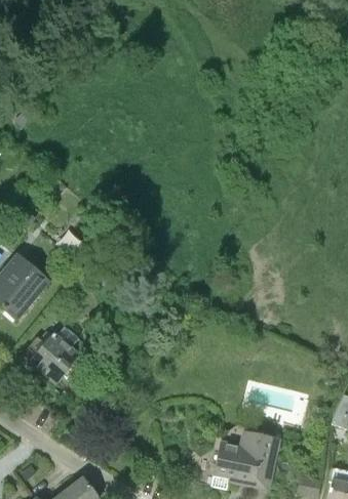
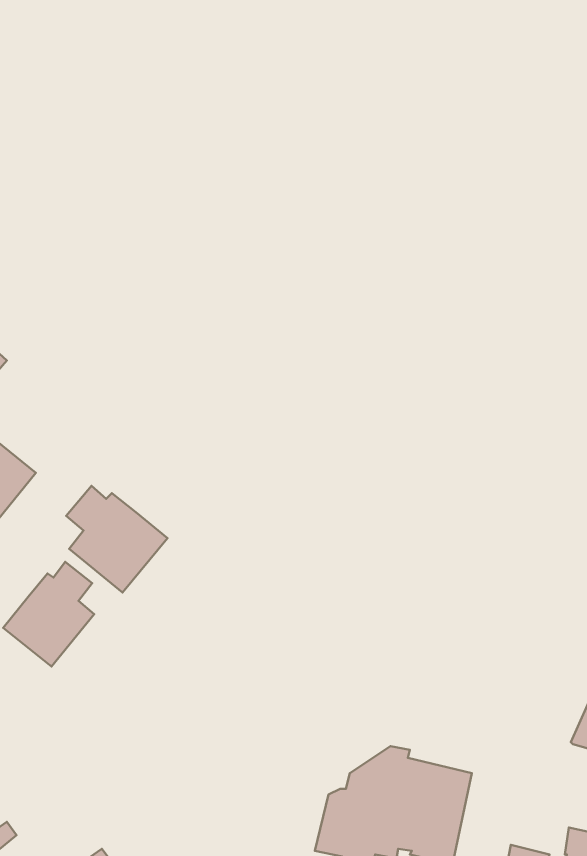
building: none -> [66,486,167,592]

